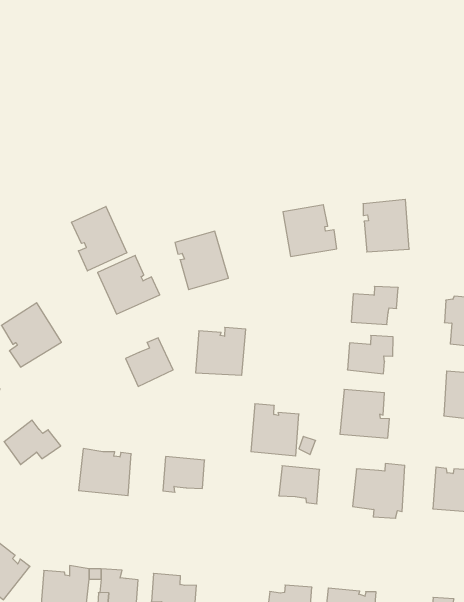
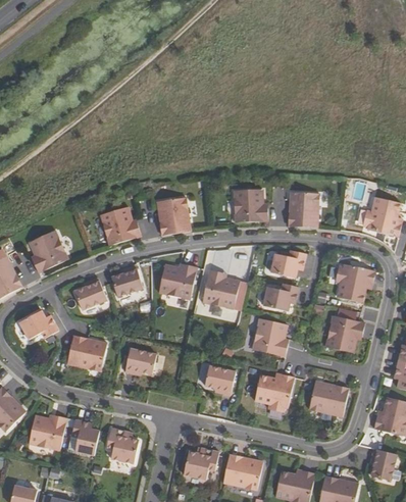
building: [72,206,127,271] -> none
building: none -> [73,278,106,310]
building: [251,404,299,456] -> [202,269,239,309]

